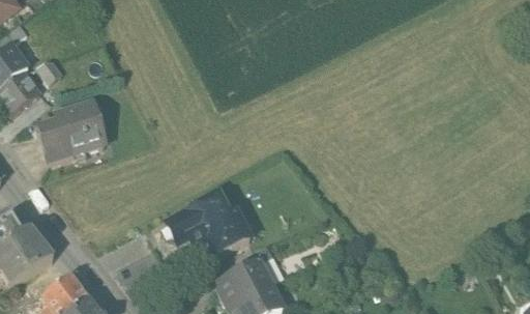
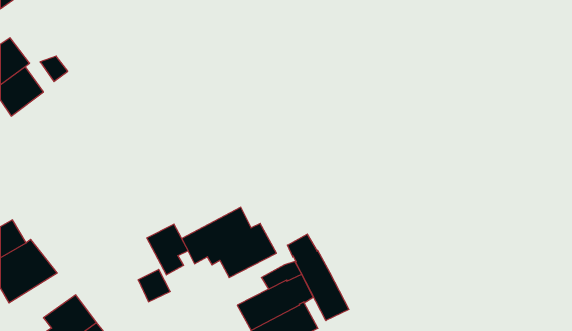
building: [40,102,107,161] -> none
building: none -> [147,224,188,275]
building: none -> [287,234,349,321]

